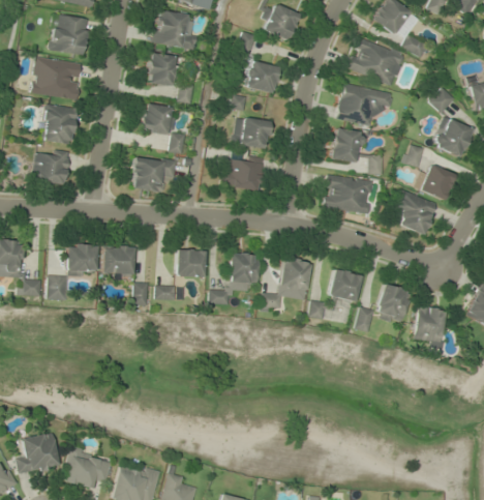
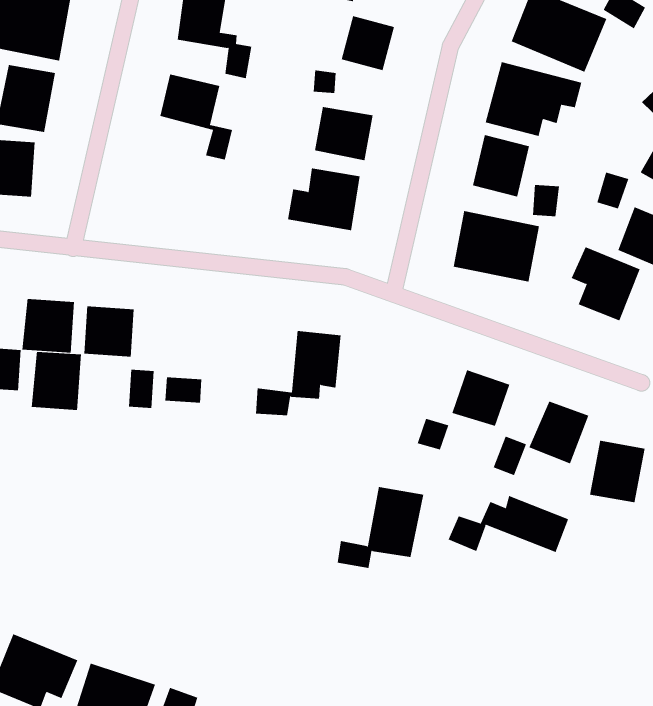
building: [131,156,176,192] -> none
building: [177,251,205,277] -> none
building: [262,259,311,308] -> [337,486,424,568]
building: none -> [31,351,81,411]
building: none -> [448,495,569,553]

